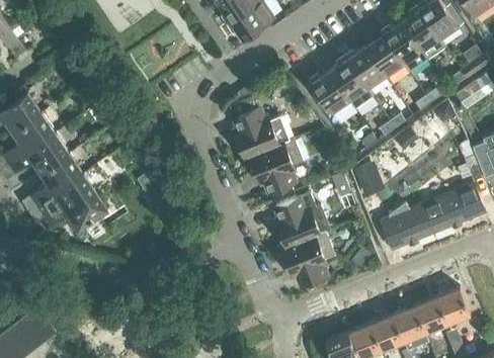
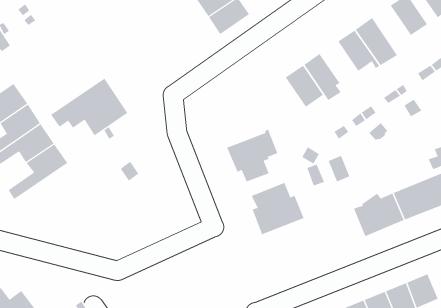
building: [401,9,442,61] -> none
building: [346,47,386,90] -> none
building: [230,98,289,160] -> none
building: [27,173,108,234] -> [50,78,128,136]
building: [280,233,335,286] -> none

